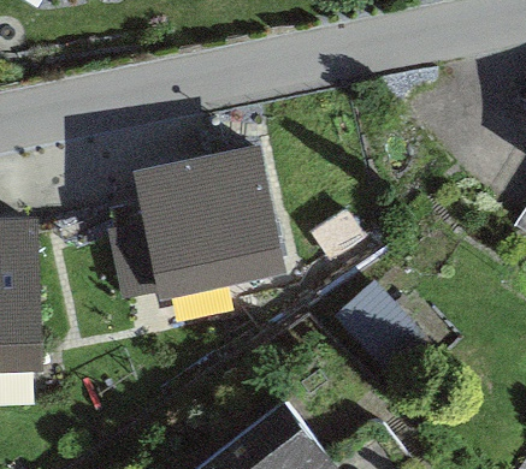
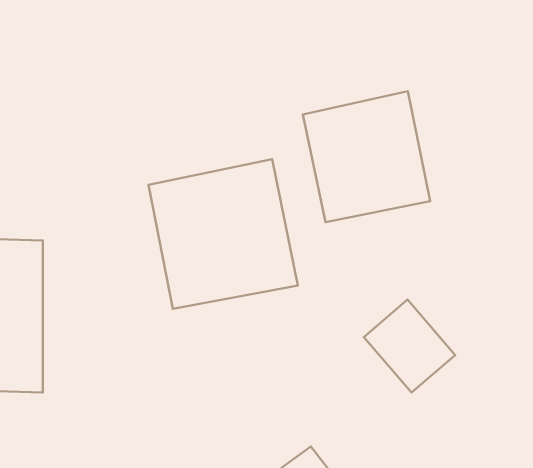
building: none -> [303,91,430,222]

